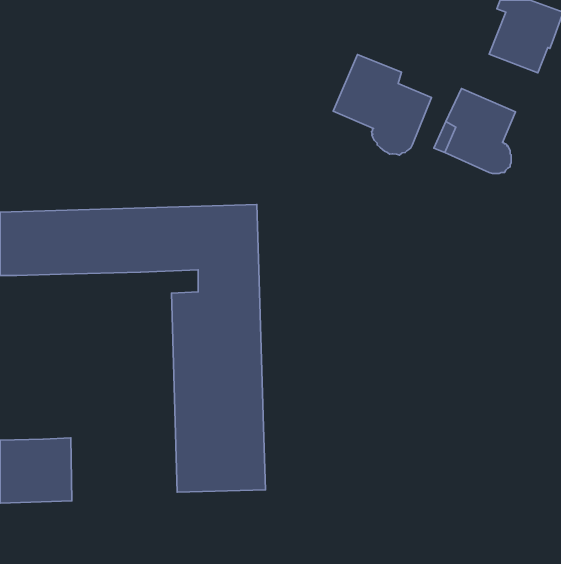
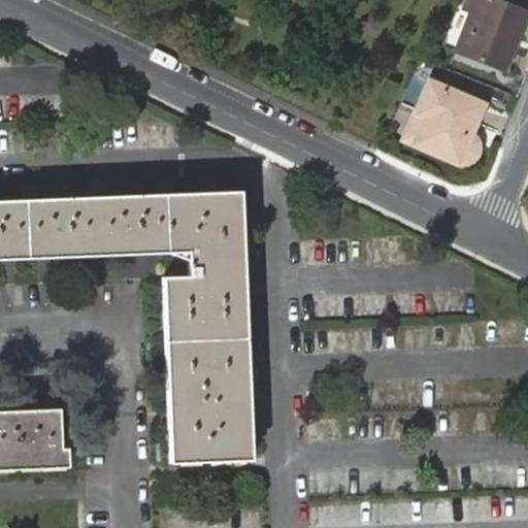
building: [333,55,431,155] -> none

